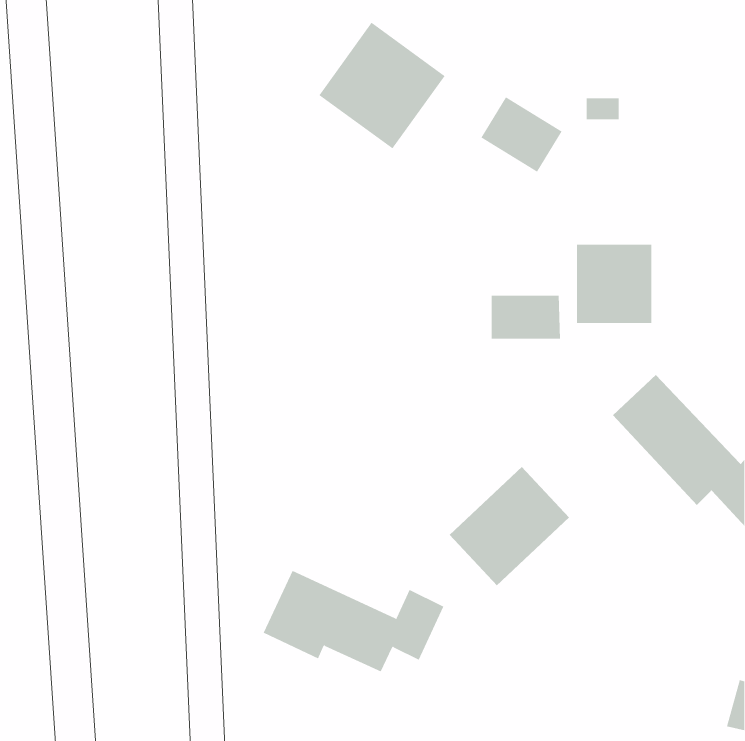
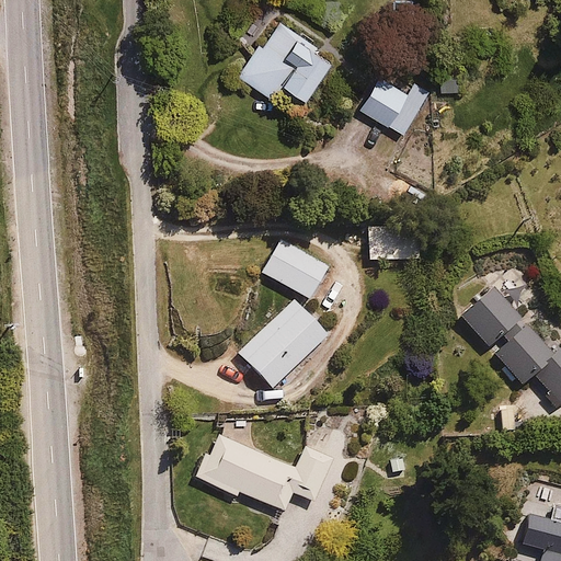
building: [576,244,652,324] -> none
building: none -> [261,238,330,300]
building: [449,466,570,586] -> [238,300,329,390]

